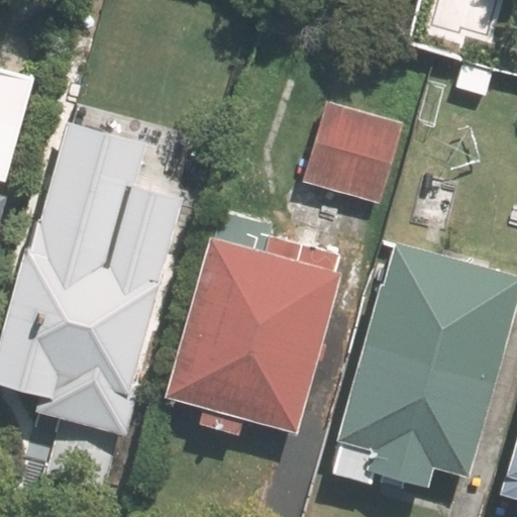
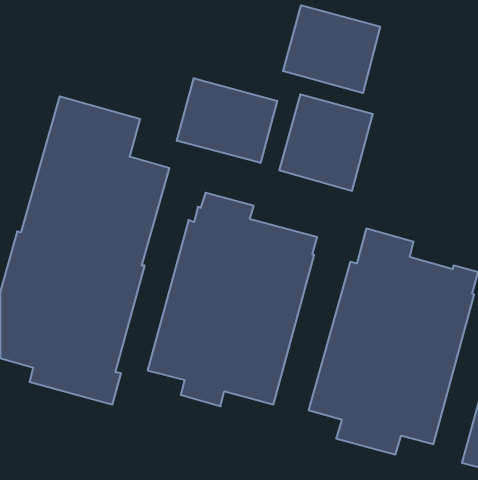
building: none -> [283,5,380,93]
building: none -> [177,78,277,163]

